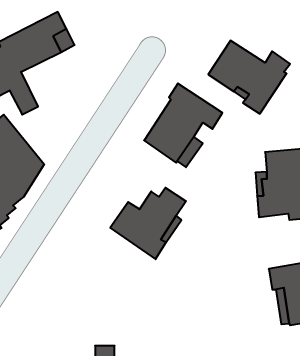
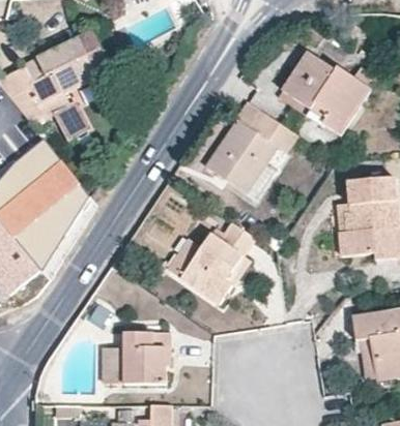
building: none -> [99,332,170,384]

